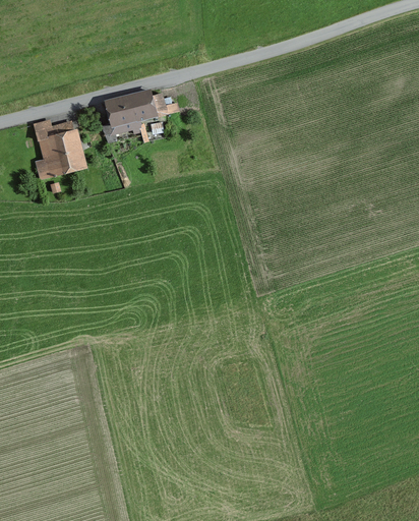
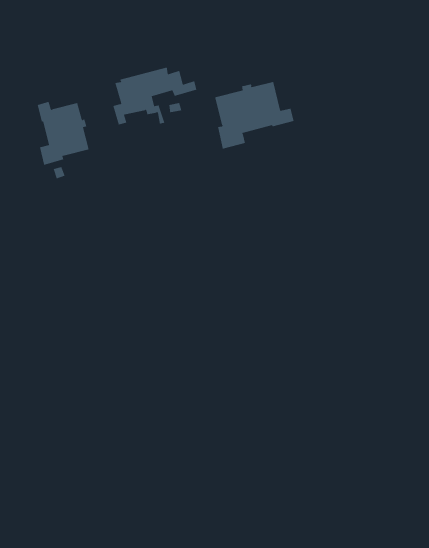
building: none -> [215,81,294,149]

